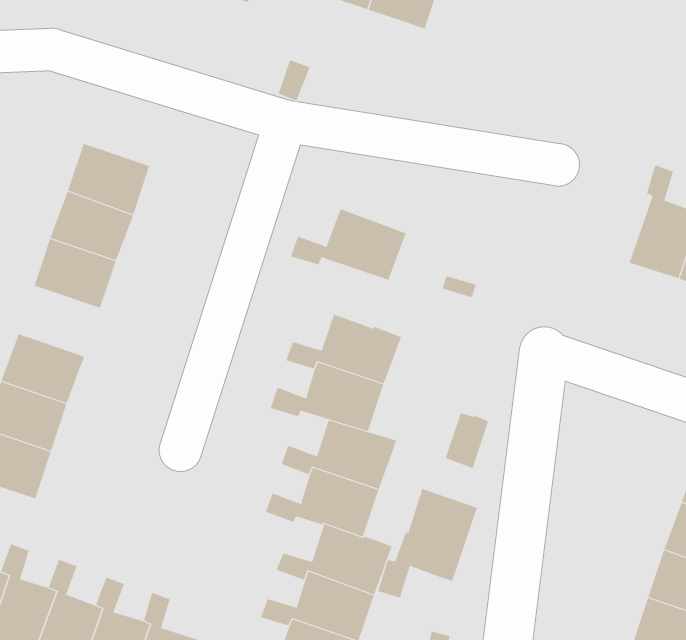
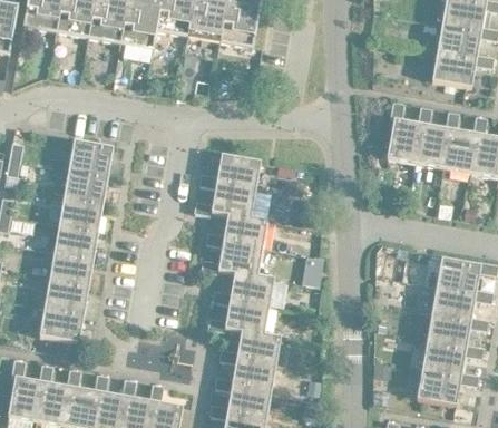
building: none -> [194,182,255,216]
building: none -> [55,223,98,257]
building: [378,488,478,599] -> none

